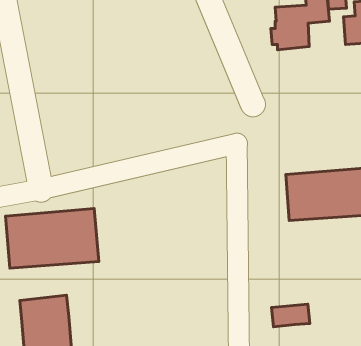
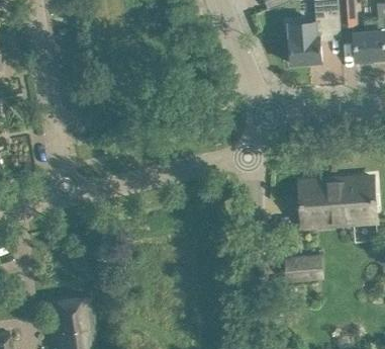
building: [5,209,99,268] -> none
building: [272,304,310,327] -> [287,257,323,278]

